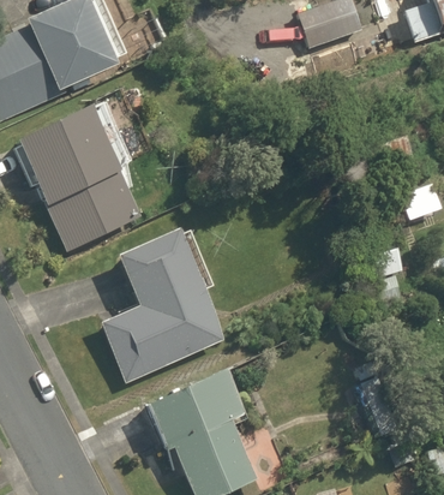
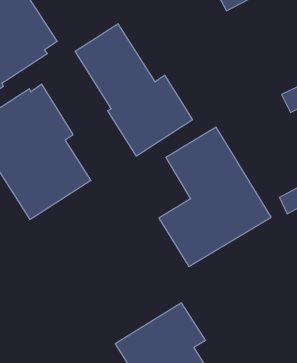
building: none -> [75,24,192,156]
building: [102,232,228,384] -> [159,127,271,267]

